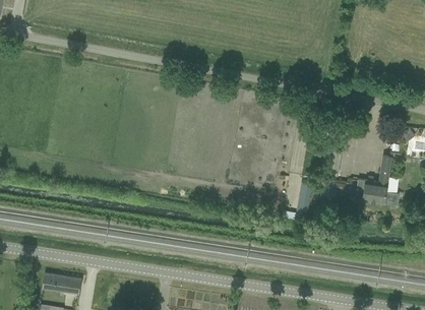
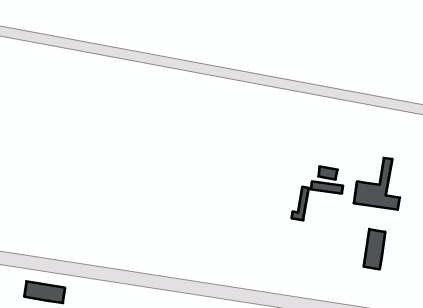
building: none -> [364,229,385,269]

